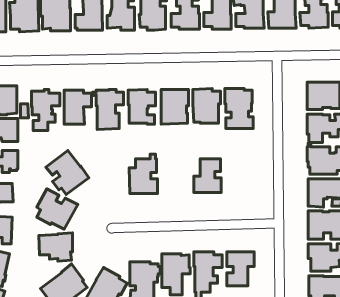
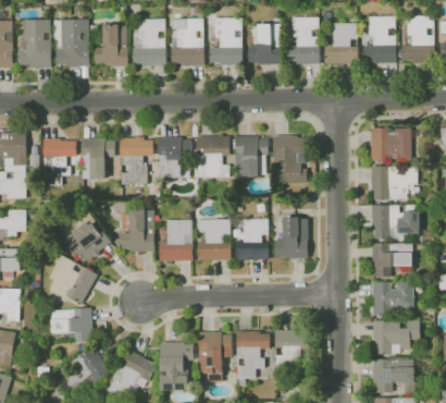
building: none -> [121,209,154,251]
building: none -> [274,217,308,258]
building: none -> [198,219,231,260]

